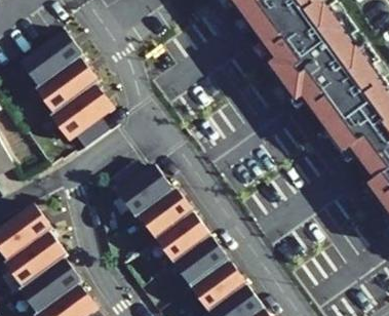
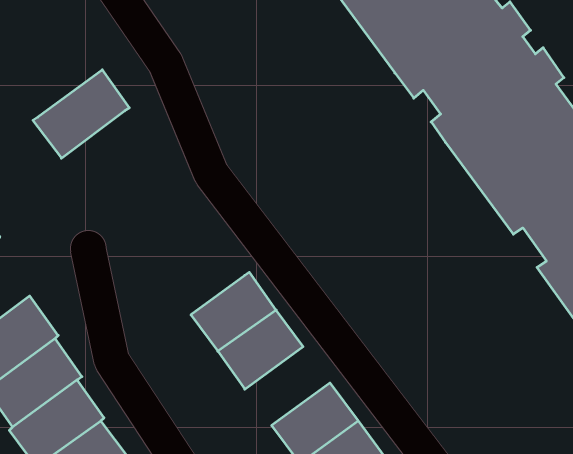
building: [20,30,82,87] -> none
building: [49,83,112,142] -> none
building: [115,165,171,218] -> none
building: [171,236,227,287] -> none

